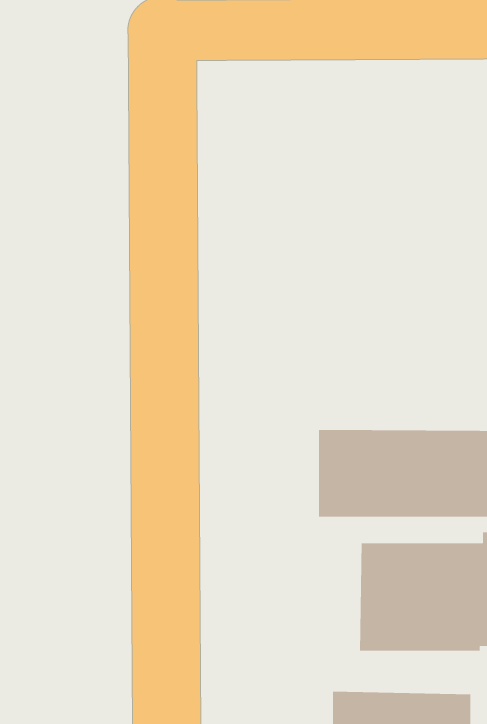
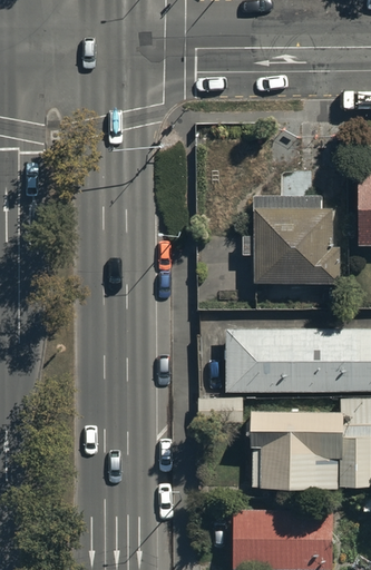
building: none -> [253,197,338,284]

